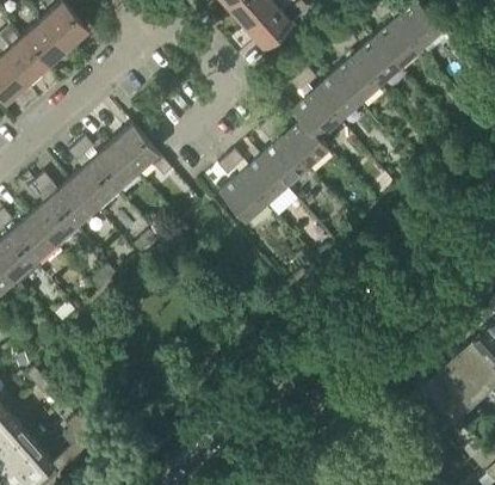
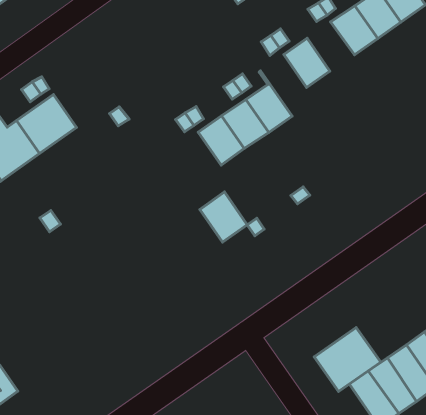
building: [332,57,378,104] -> none
building: [291,93,336,151] -> none
building: [98,127,156,184] -> none
building: [217,176,264,223] -> [200,192,247,242]
building: none -> [314,327,381,391]

